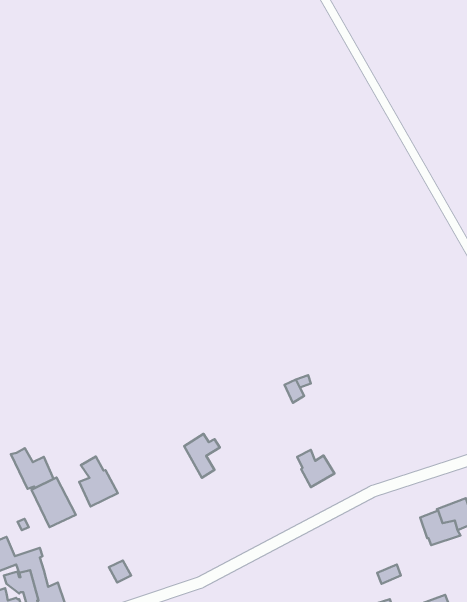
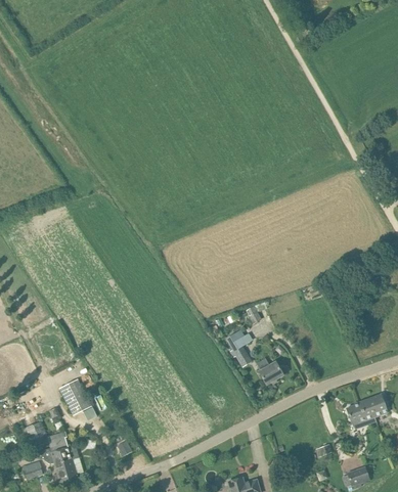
building: [184,434,220,478] -> [226,328,253,361]
building: [11,448,54,489] -> none
building: [79,457,118,506] -> none

